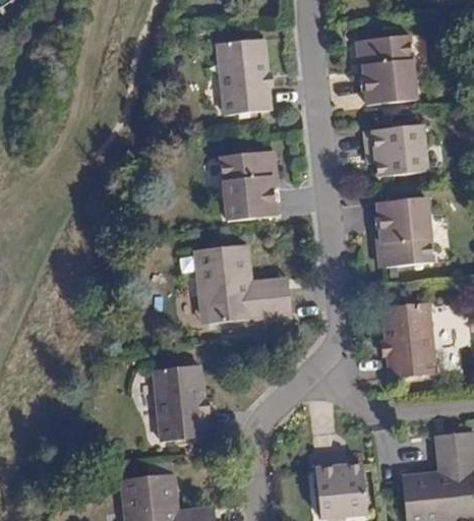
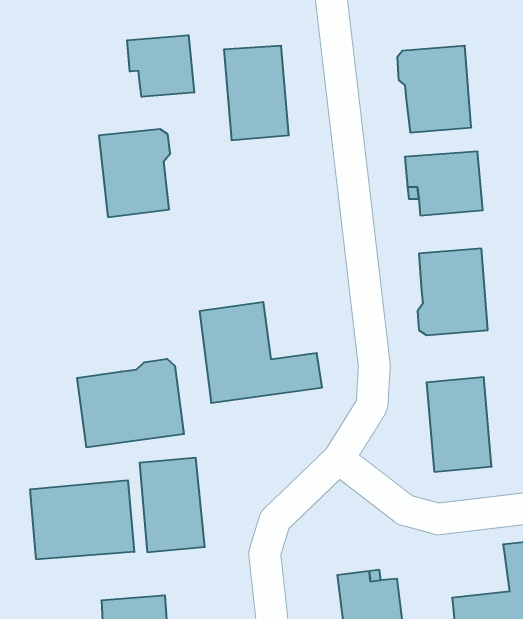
building: none -> [127,35,194,97]
building: [221,151,278,221] -> [99,129,170,217]
building: none -> [77,359,184,447]
building: none -> [30,480,134,559]

